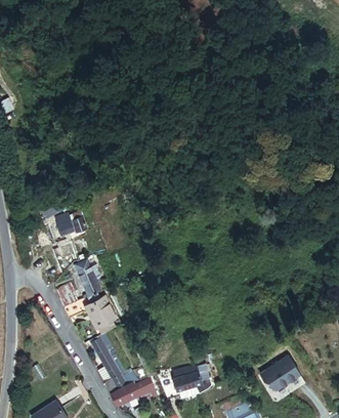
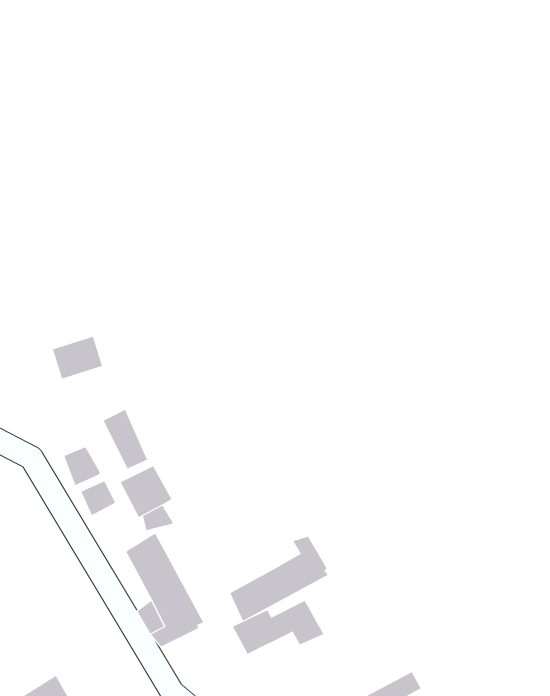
building: none -> [230,536,328,622]
building: [257,354,305,402] -> none
building: [111,380,147,409] -> none

